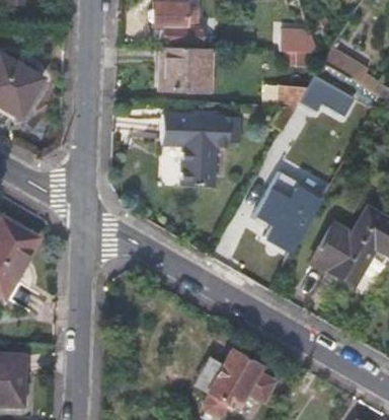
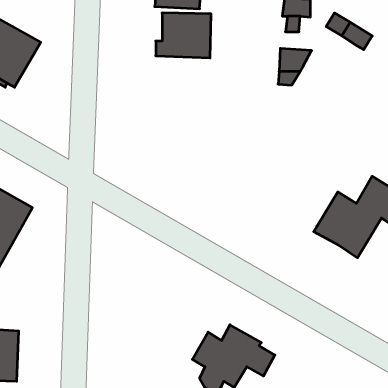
building: [303,73,358,115] -> none
building: [165,115,244,187] -> none
building: [256,176,323,251] -> none

